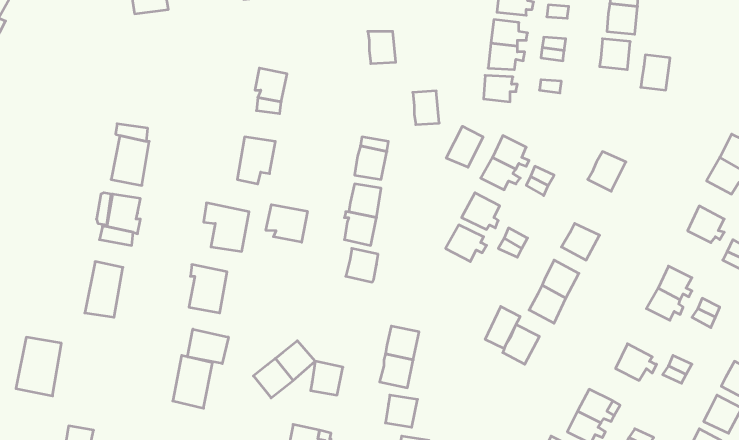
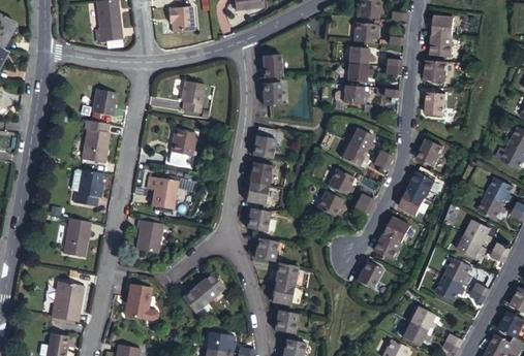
building: [641,55,670,90] -> [425,92,445,117]
building: none -> [90,91,115,118]
building: [413,91,439,125] -> [261,82,280,105]
building: [446,126,483,167] -> none
building: none -> [407,171,434,198]
building: [266,205,307,242] -> none
building: none -> [477,195,506,220]
building: [485,306,520,349] -> none
building: none -> [444,258,470,284]
building: [188,329,228,364] -> none
building: [16,337,61,396] -> [51,281,83,322]
building: [311,361,343,395] -> [254,237,277,261]

